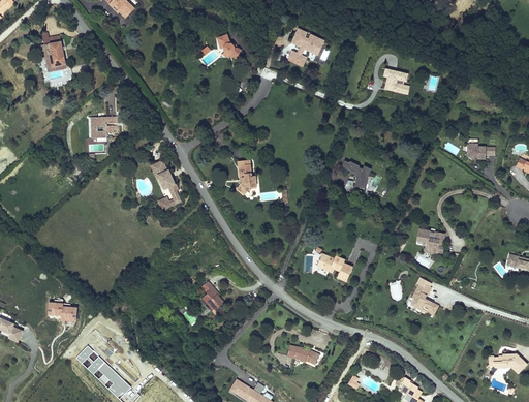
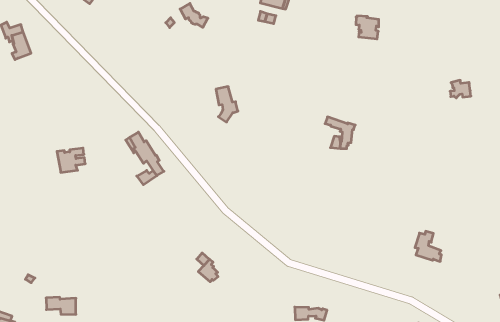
building: [87,114,113,134] -> [57,148,85,172]
building: [237,163,256,197] -> [216,87,238,122]
building: [418,231,445,255] -> none
building: [316,257,352,283] -> none

